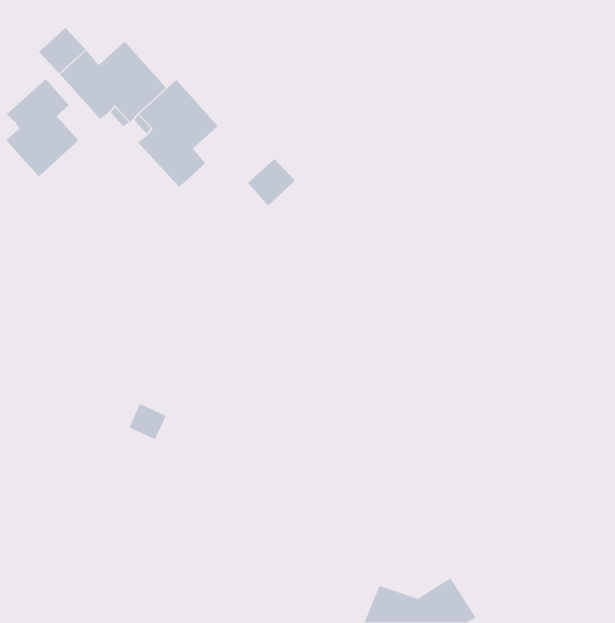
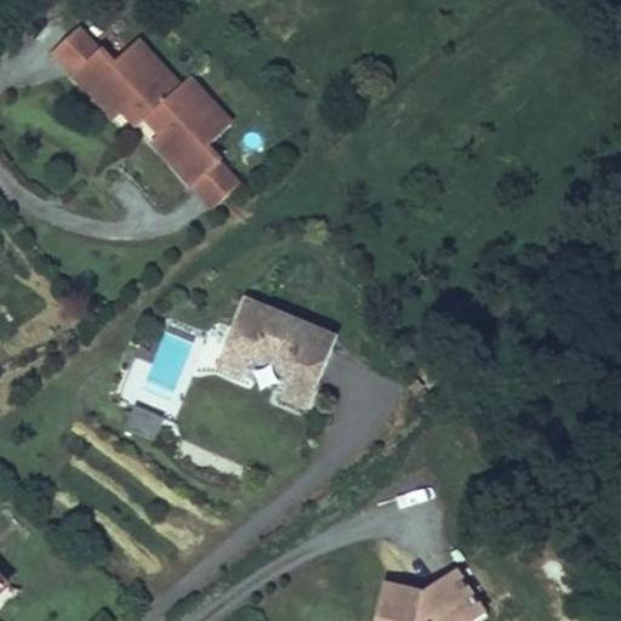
building: [6,78,79,177] -> none
building: [247,158,295,206] -> [192,160,239,207]
building: none -> [215,304,335,414]

